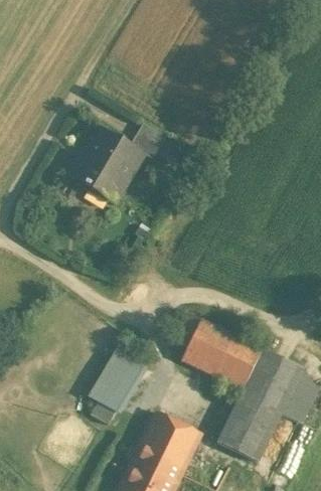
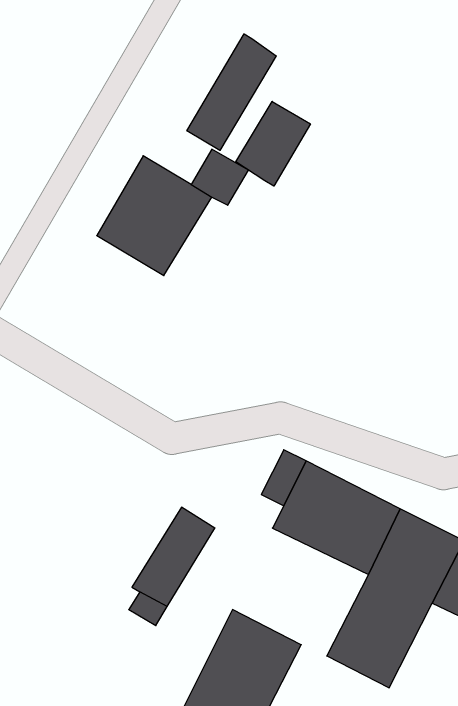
building: none -> [187,34,276,150]
building: none -> [236,101,310,186]

